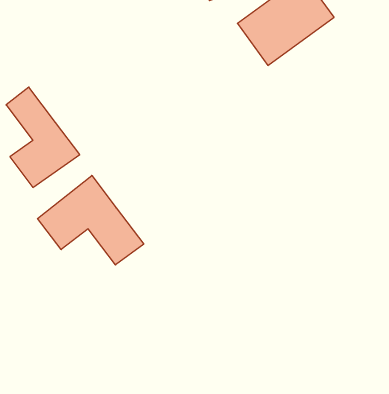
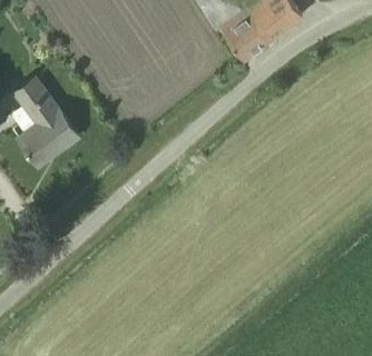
building: [38,175,144,265] -> none

